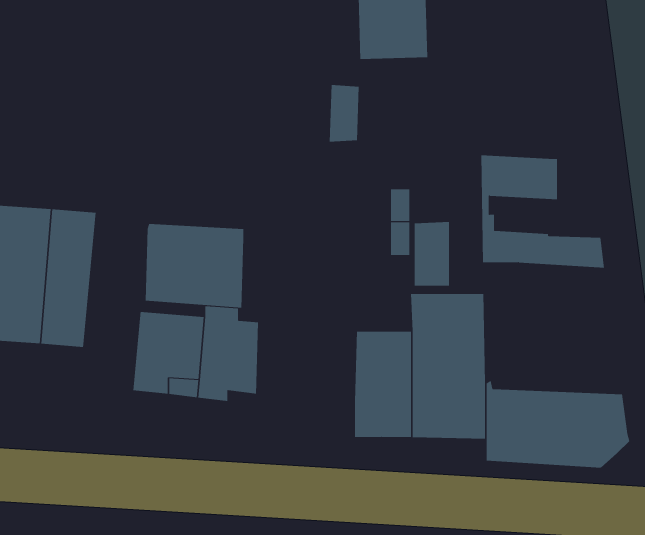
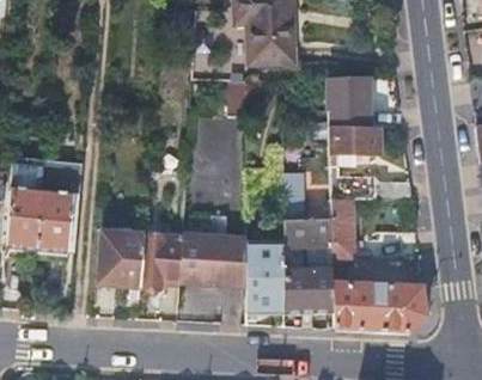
building: none -> [328,79,374,129]
building: [145,223,244,308] -> [181,234,246,290]
building: none -> [330,198,354,278]

